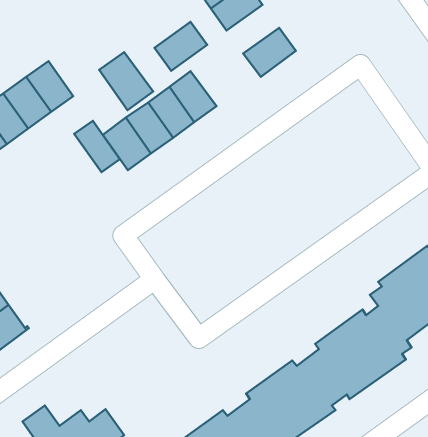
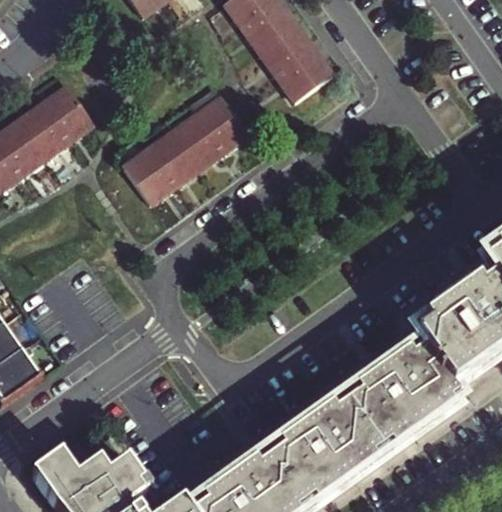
building: [154,22,207,71] -> [257,24,314,77]
building: [99,52,153,110] -> none
building: [74,121,120,172] -> none

